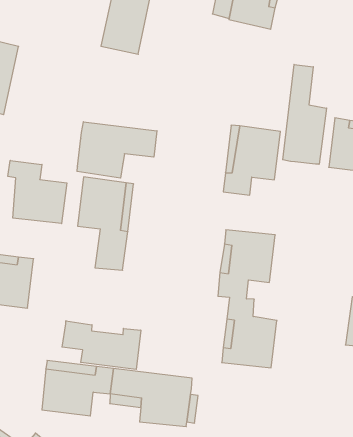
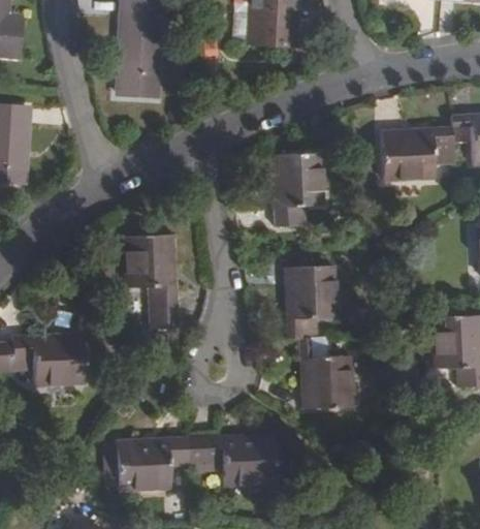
building: [283,64,327,164] -> none
building: [77,122,157,178] -> none
building: [8,160,67,224] -> none
building: [62,321,141,369] -> none

